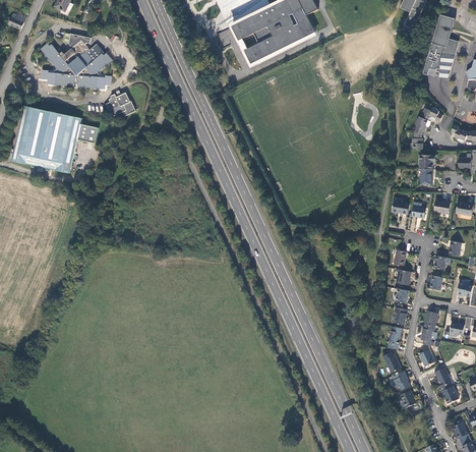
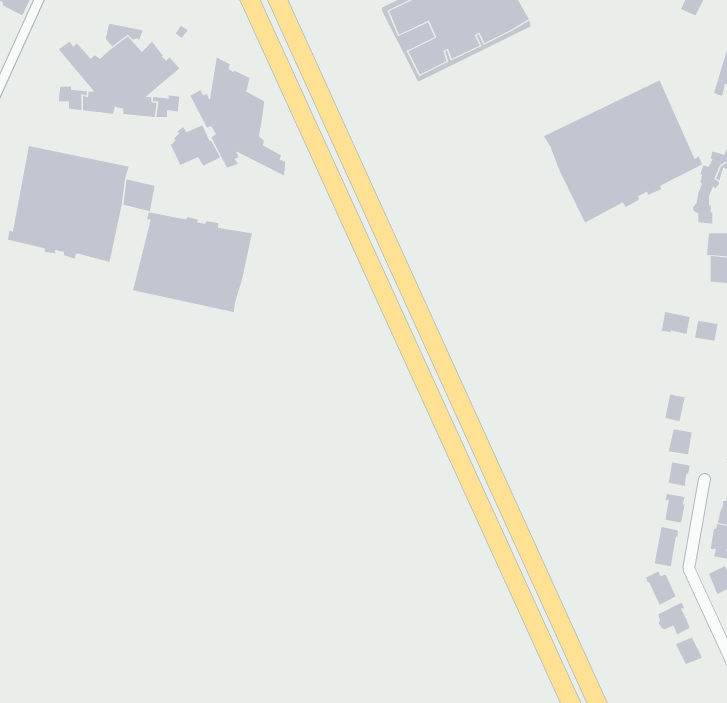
building: none -> [190,57,286,176]
building: none -> [543,79,703,224]
building: none -> [133,212,252,313]

